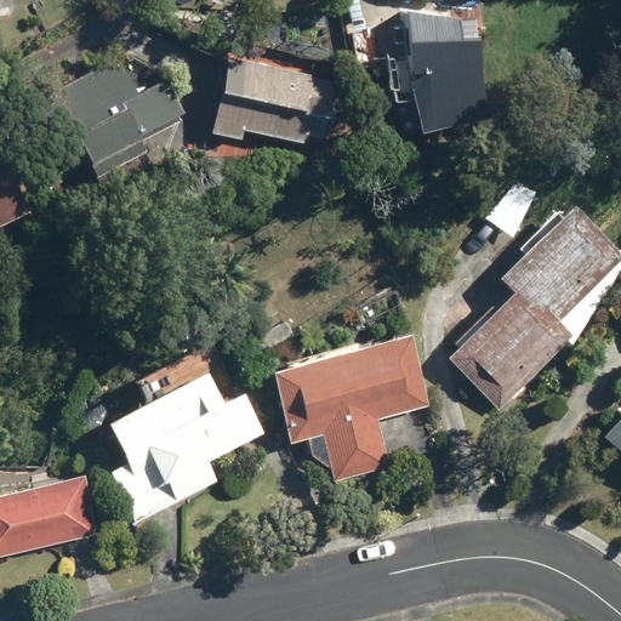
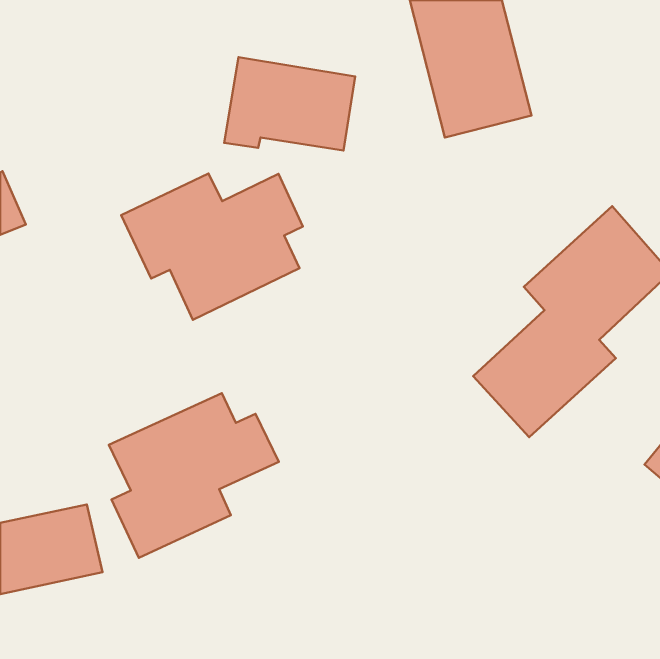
building: [8,61,183,189] -> none
building: none -> [121,173,303,320]
building: [269,332,431,483] -> none

